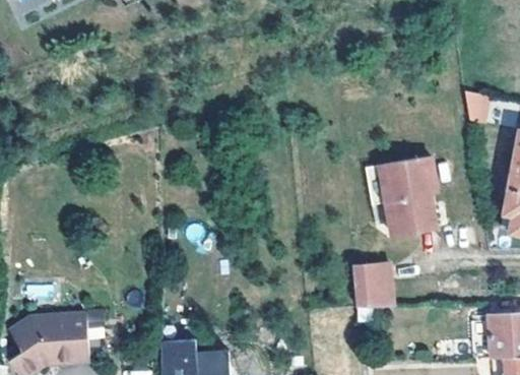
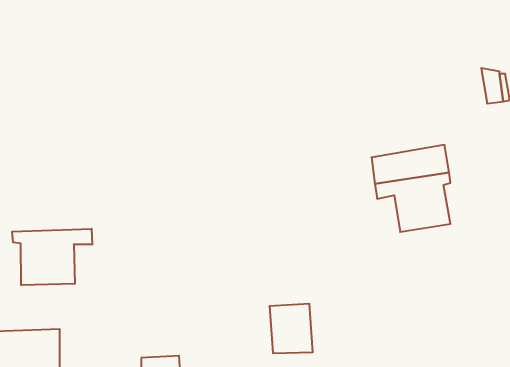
building: none -> [12,229,92,285]
building: [354,260,393,304] -> [269,304,313,353]

